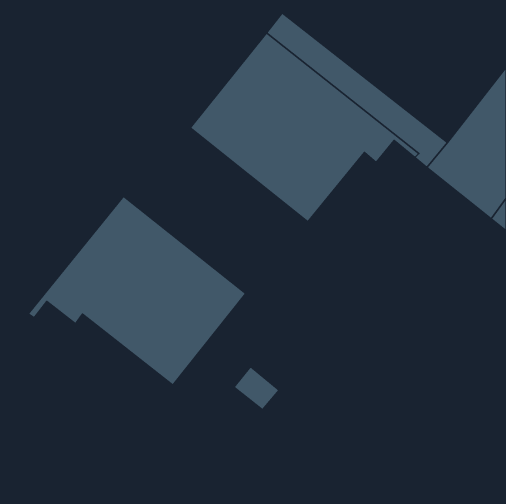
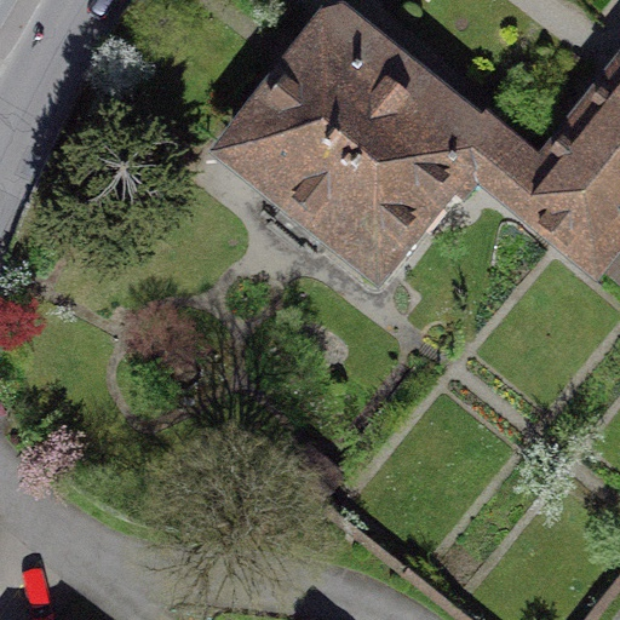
building: [28,196,246,385] -> none

